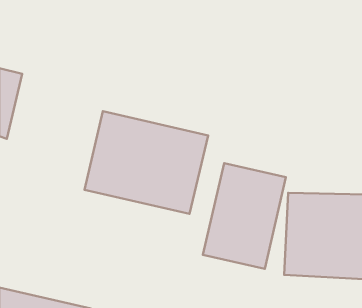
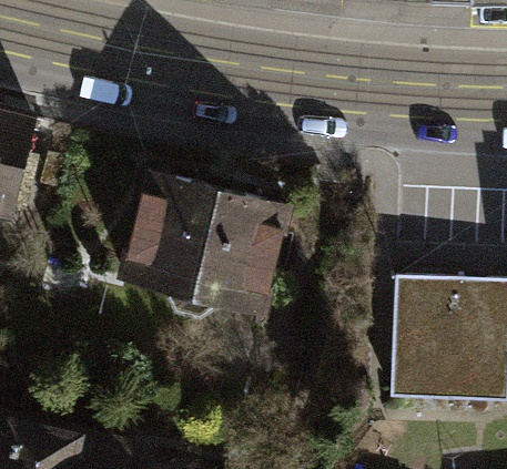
building: [203,163,286,269] -> none

